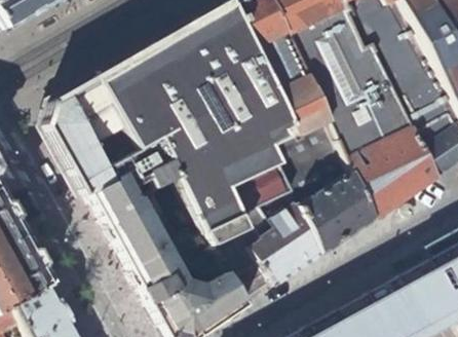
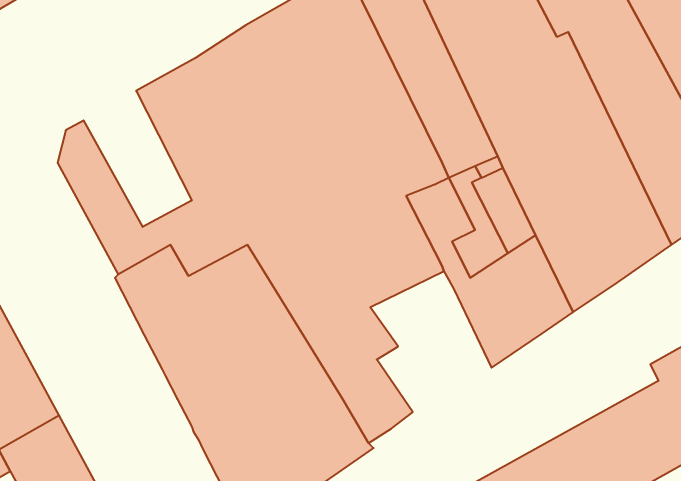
building: [66,81,133,166] -> none
building: [245,194,321,287] -> none

